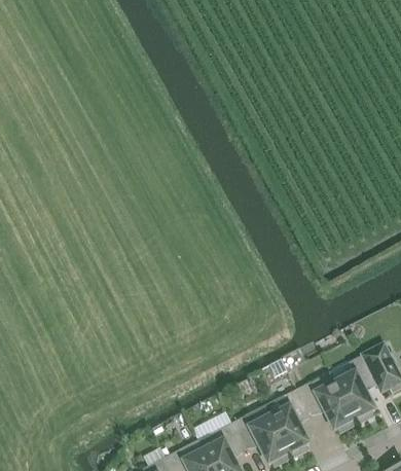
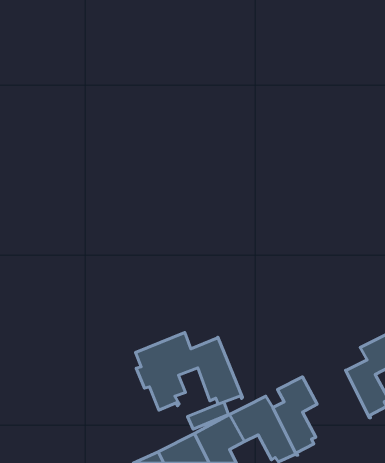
building: none -> [135,332,242,410]
building: [295,373,356,433] -> none

